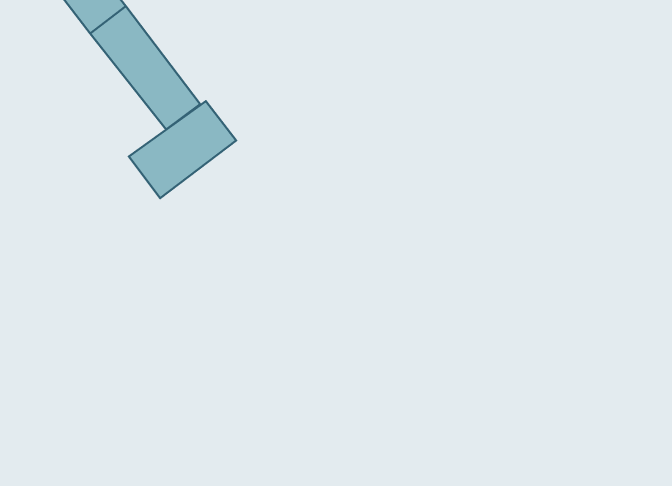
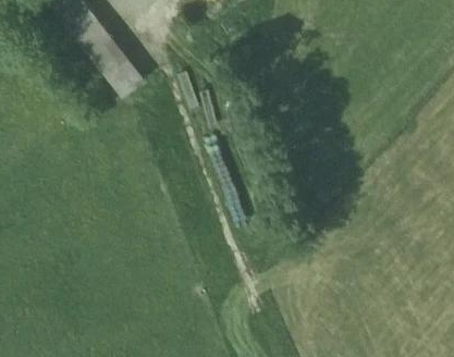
building: [129,101,236,198] -> none

